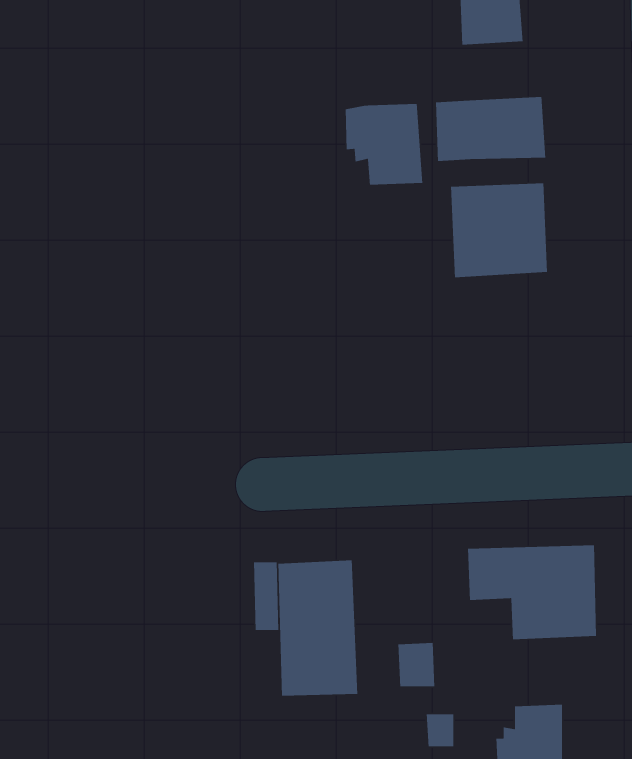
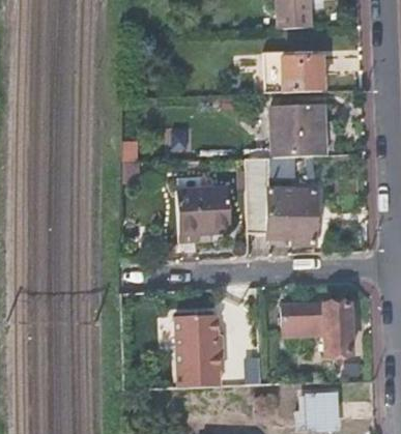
building: [345,103,423,185] -> none
building: none -> [246,158,317,242]
building: none -> [177,187,230,233]

